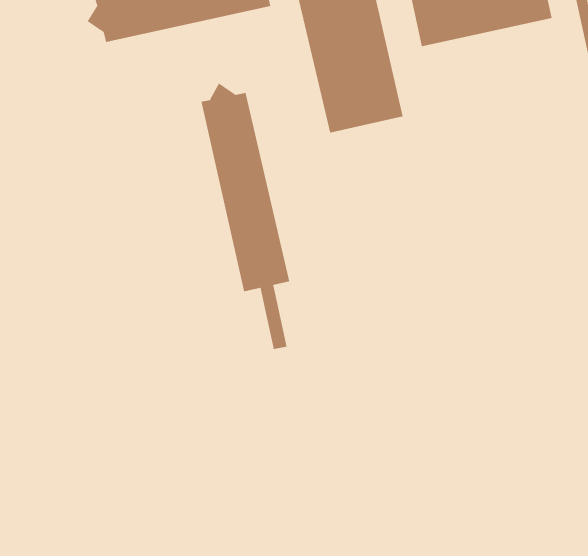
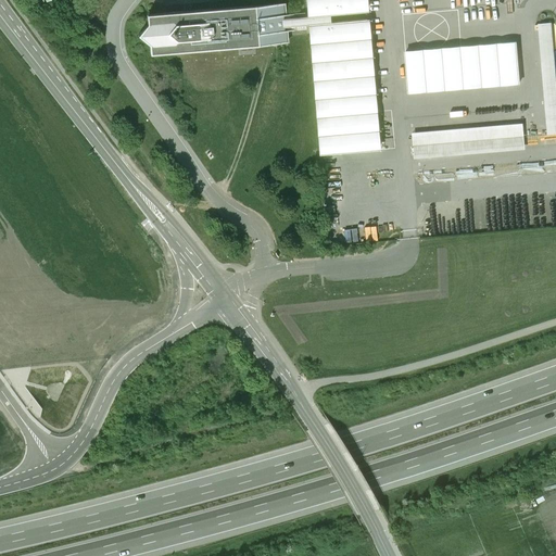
building: none -> [409,123,525,159]
building: [201,82,290,350] -> none

